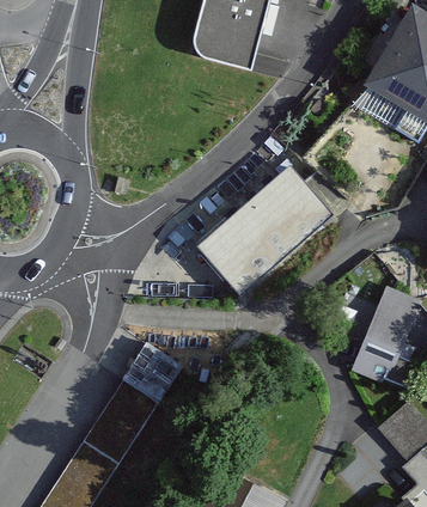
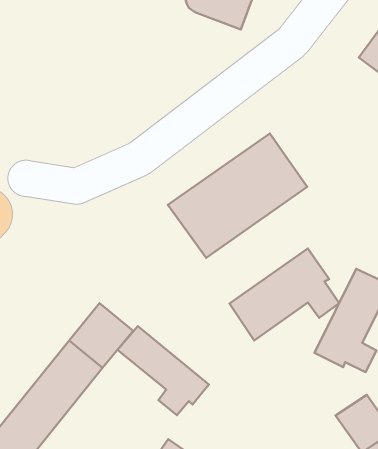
building: none -> [230,249,339,341]
building: none -> [118,326,209,415]

